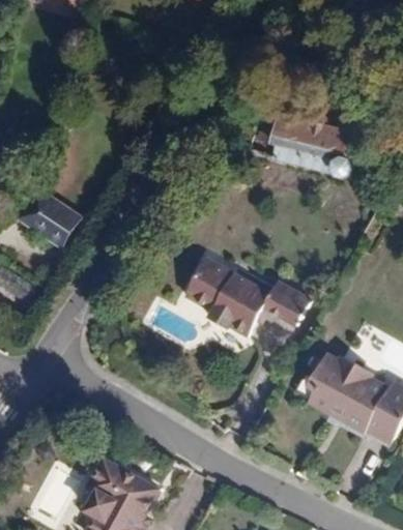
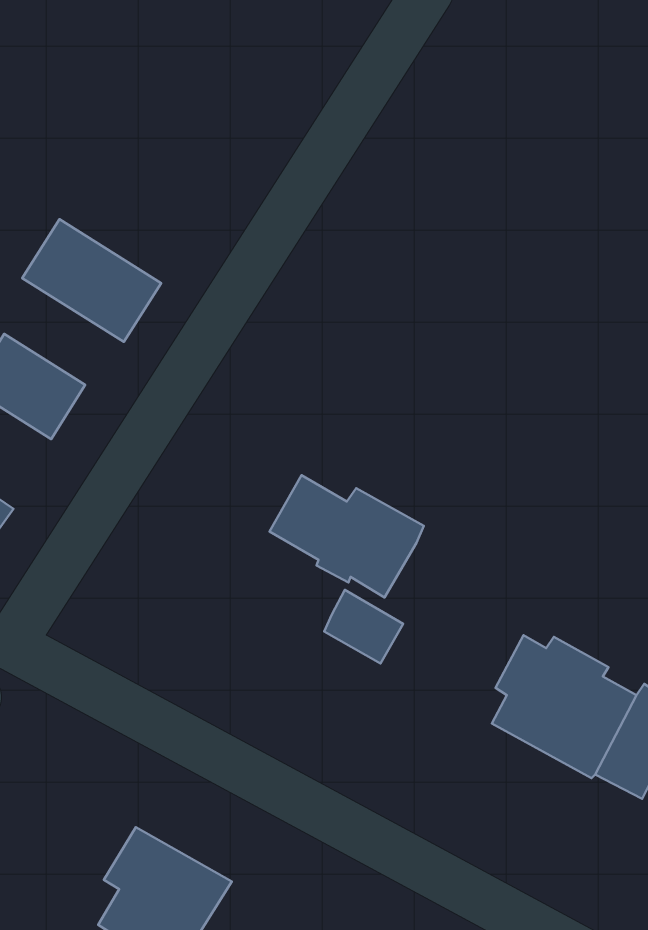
building: [271,115,374,184] -> none
building: none -> [22,219,161,342]
building: [263,279,307,320] -> [324,590,403,663]

